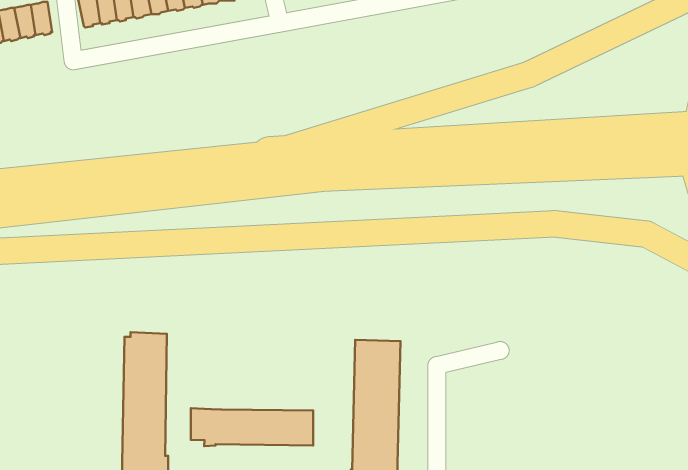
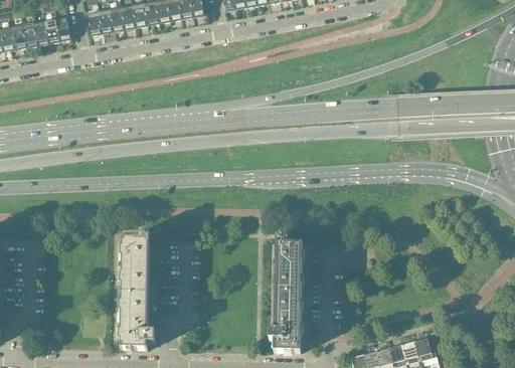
building: [191,408,313,446] -> none

